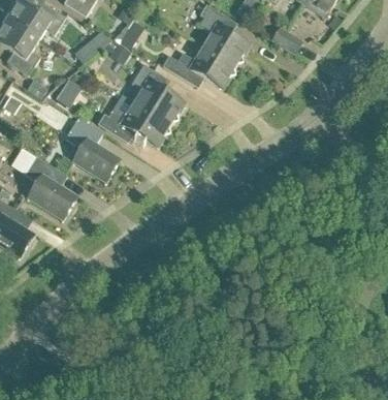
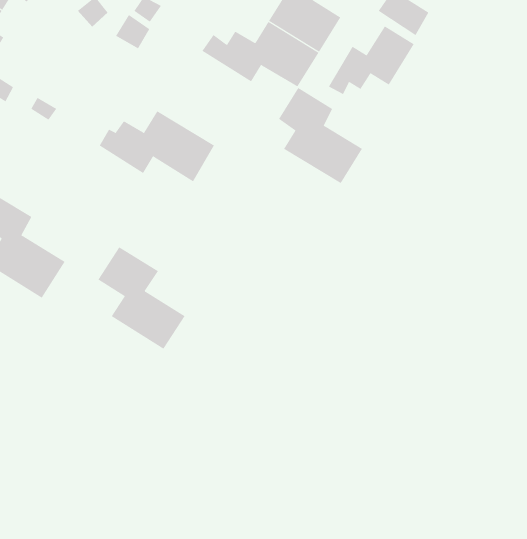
building: none -> [328,26,415,95]
building: [131,63,184,123] -> [278,87,363,184]
building: [65,116,120,180] -> [97,246,185,349]

